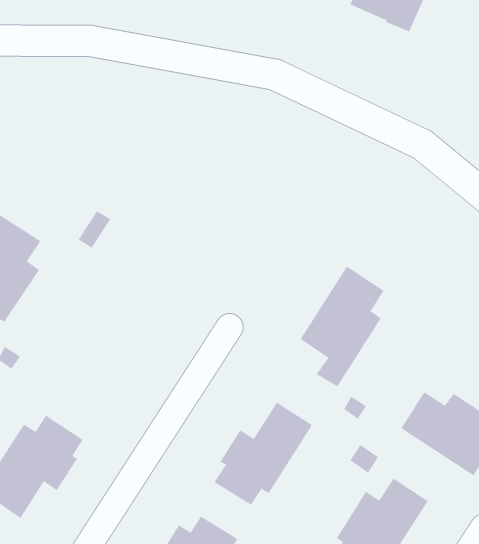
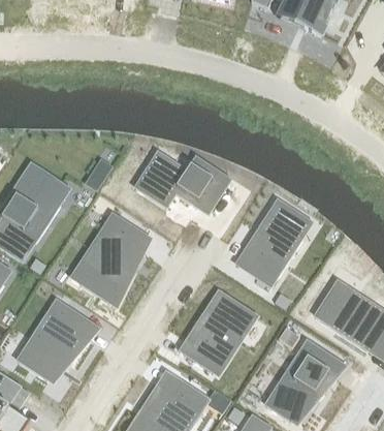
building: none -> [136,156,228,210]
building: none -> [79,215,145,302]

